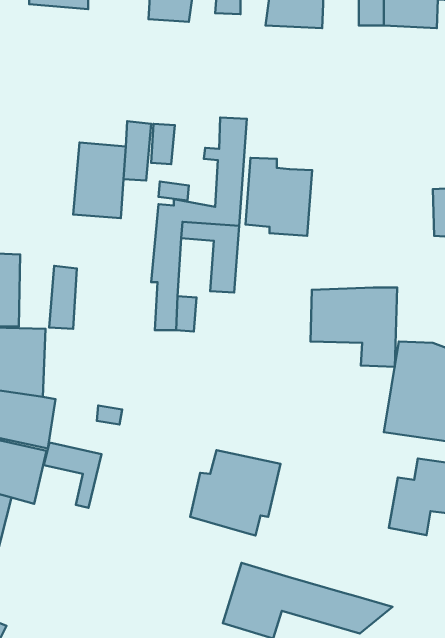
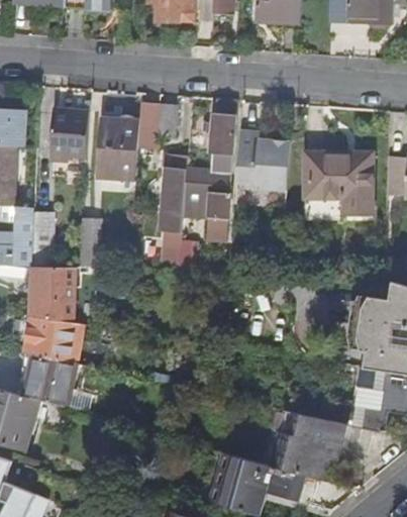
building: none -> [50,113,89,156]
building: [310,287,397,367] -> [303,151,373,215]
building: [44,443,101,508] -> none
building: [190,450,281,536] -> [270,413,342,482]

